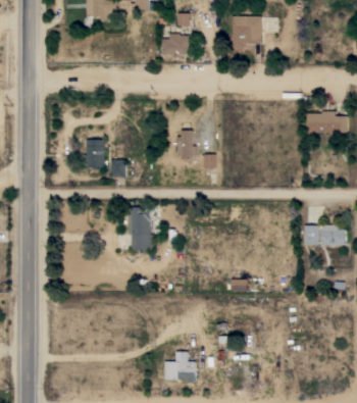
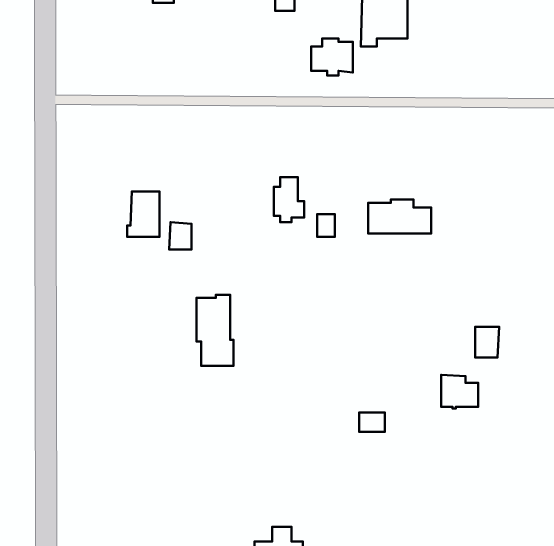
building: [162,34,189,57] -> [311,39,353,76]
building: [307,111,347,133] -> [368,200,431,233]
building: [322,224,346,246] -> [441,375,478,409]

